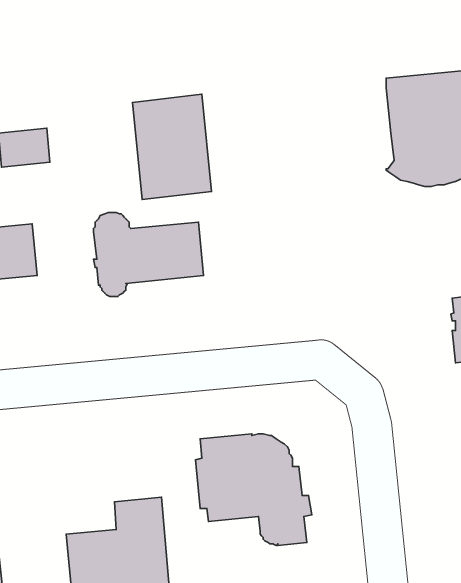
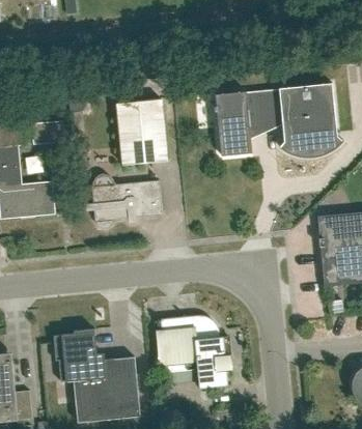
building: none -> [214,91,282,155]
building: none -> [54,328,106,382]

